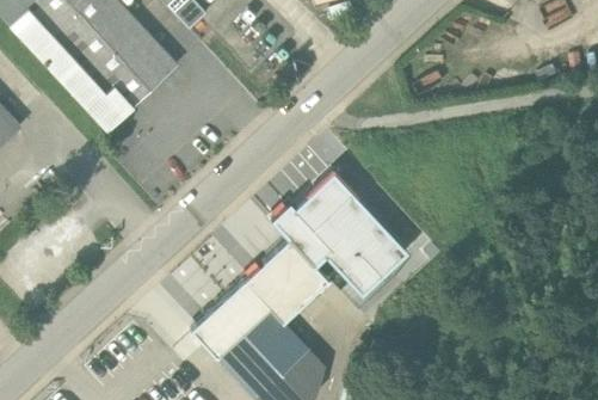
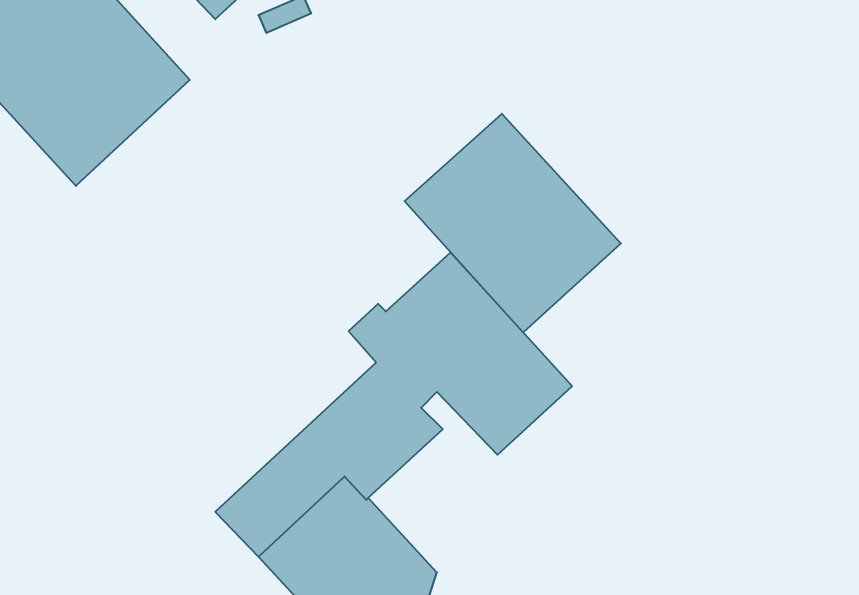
building: none -> [405,114,621,332]

